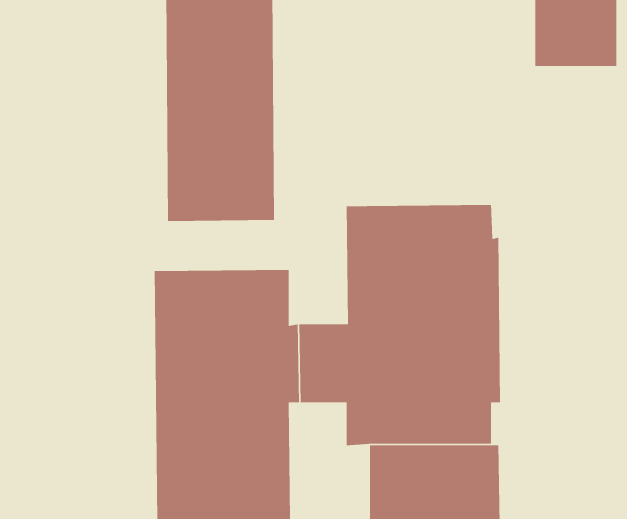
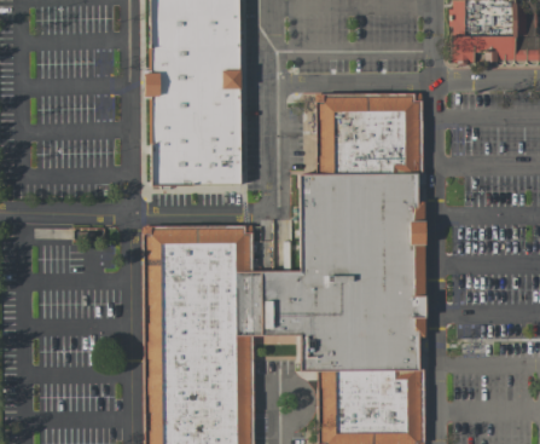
building: none -> [317,91,423,172]

